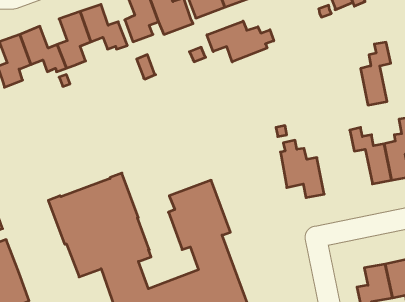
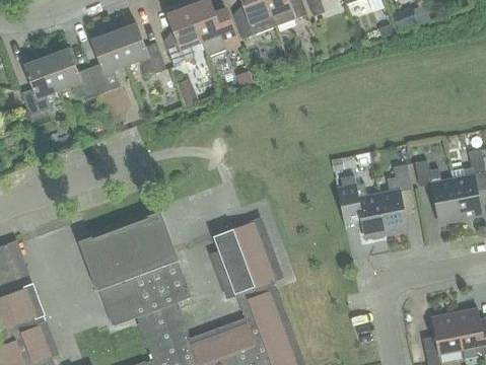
building: [207,21,274,62] -> none
building: [361,42,391,105] -> [377,164,411,234]

